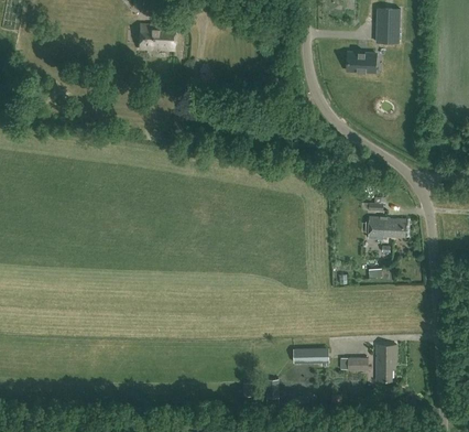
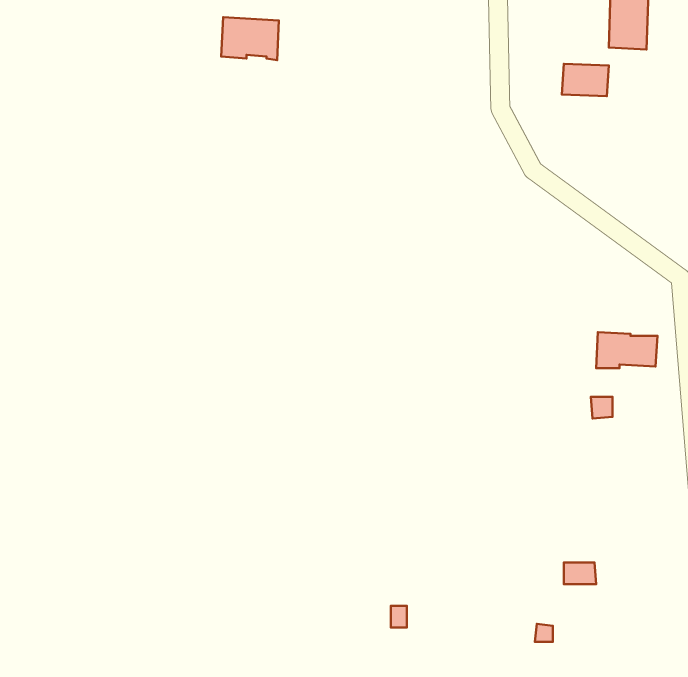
building: [375,345,396,380] -> none
building: [293,346,329,361] -> none

